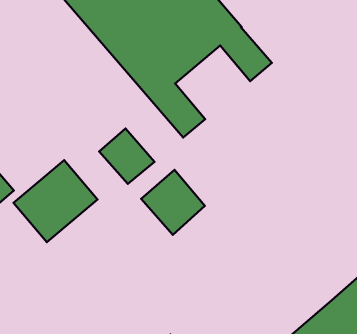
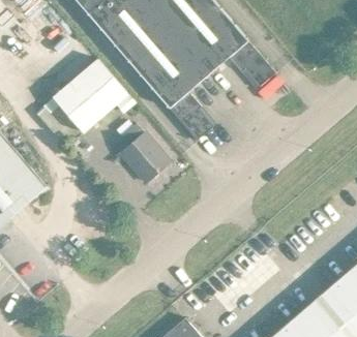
building: [14,160,98,242] -> [53,59,128,132]
building: [141,170,205,235] -> none

